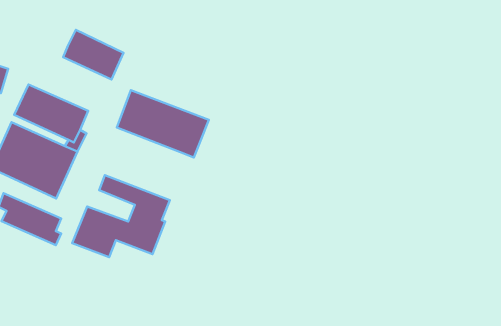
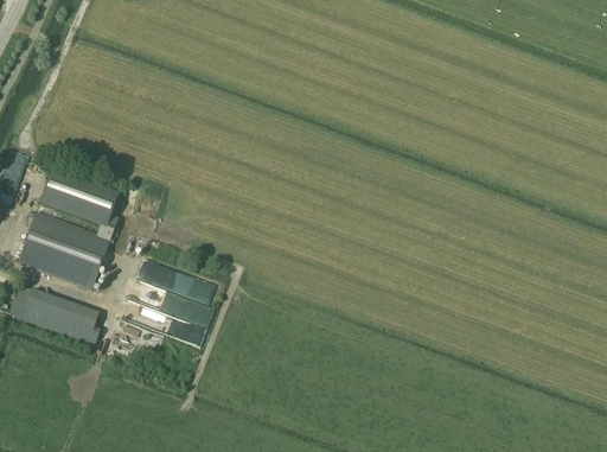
building: [63,30,123,80] -> none
building: [117,90,209,158] -> none

